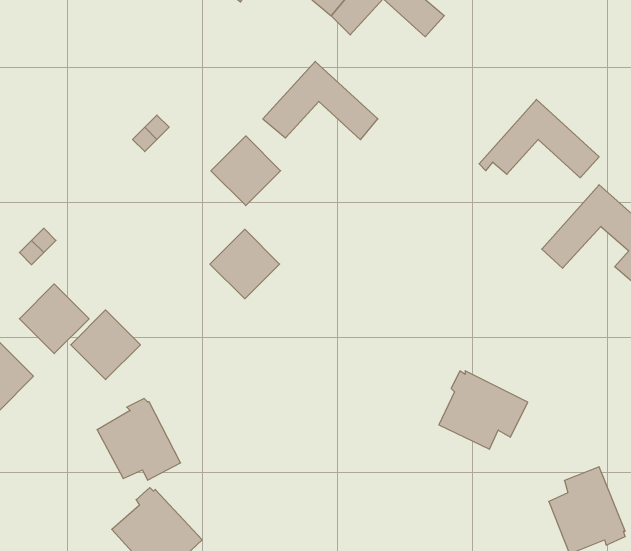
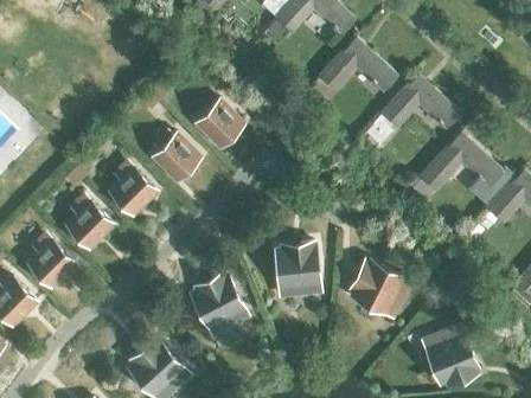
building: [263,61,378,140] -> [319,38,397,91]
building: [210,229,280,299] -> [153,134,200,181]
building: [71,310,140,380] -> [109,167,156,214]
building: none -> [275,242,320,295]
building: [97,398,181,480] -> [191,272,248,328]

